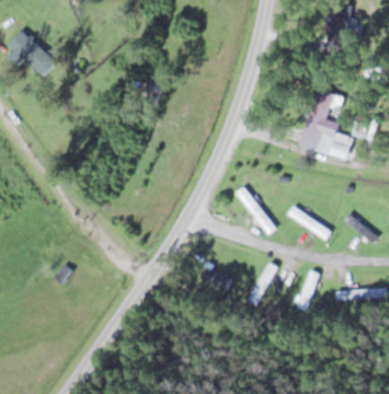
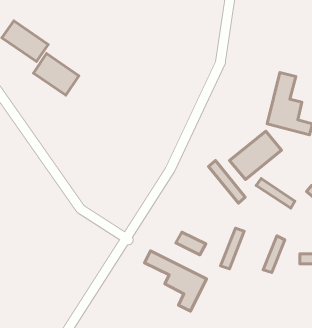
building: none -> [33,54,79,95]
building: none -> [230,131,282,180]
building: none -> [144,251,206,311]

